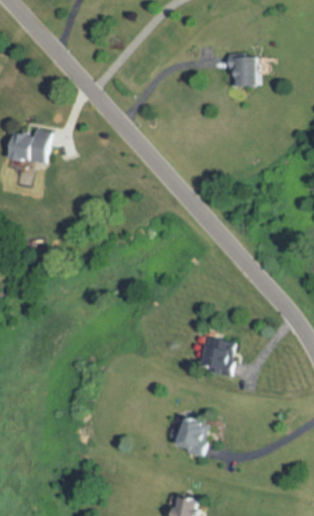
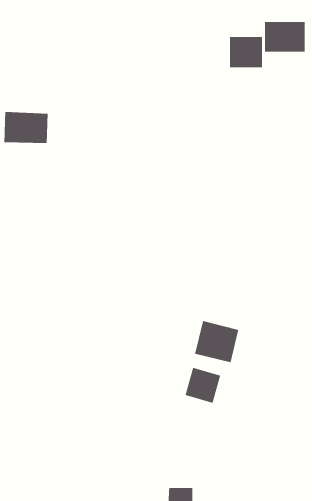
building: none -> [264,21,306,53]
building: [176,419,212,456] -> [184,367,221,404]

